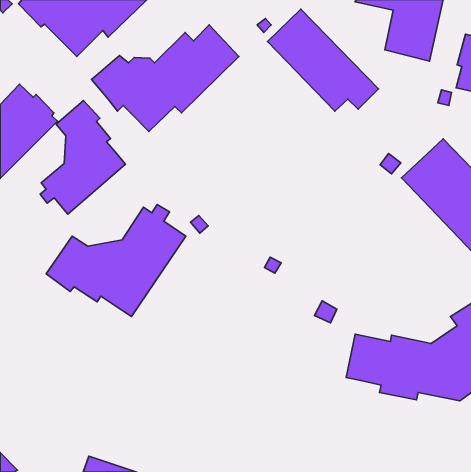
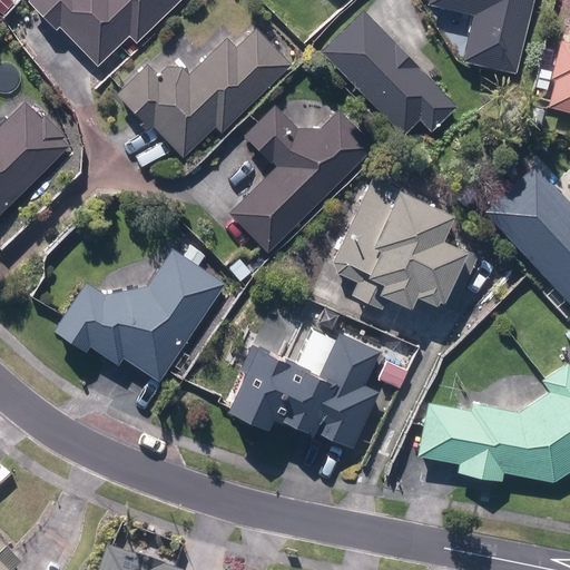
building: none -> [223,106,366,252]
building: [40,101,126,214] -> none
building: none -> [336,178,466,309]
building: none -> [230,331,381,448]

